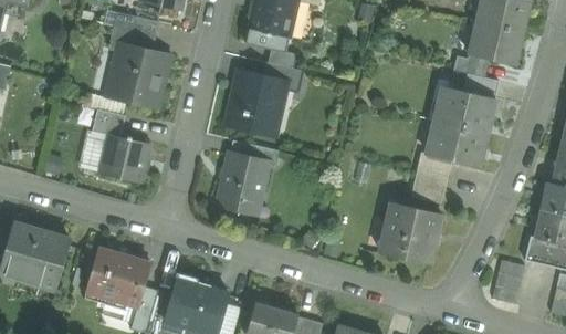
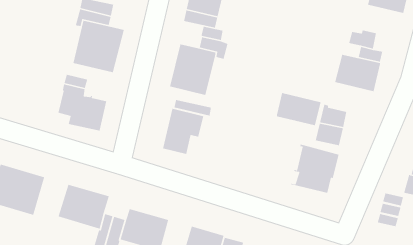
building: [471,22,524,64] -> none
building: [429,121,486,164] -> [276,92,322,126]

